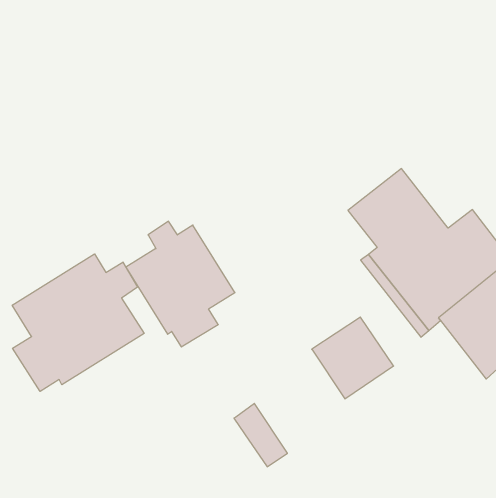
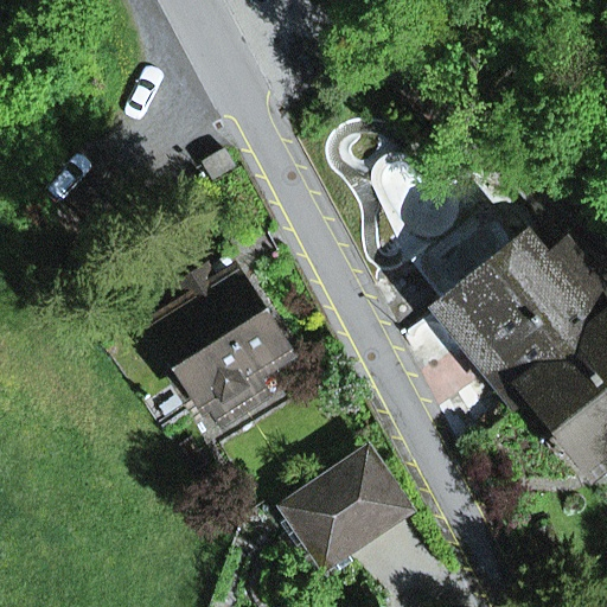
building: [12,254,144,391] -> none
building: [312,317,394,399] -> [312,452,411,551]

